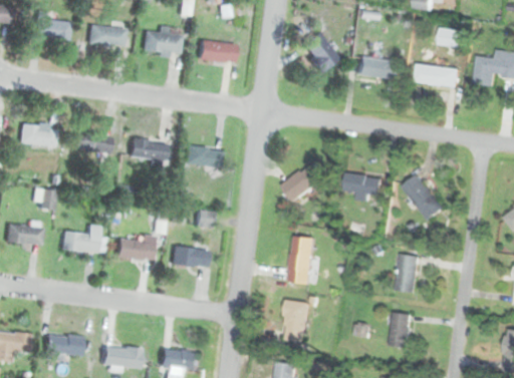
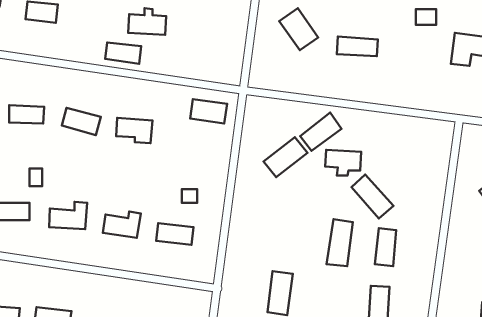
building: [87,26,124,48] -> [105,42,141,64]
building: [197,41,236,64] -> none
building: [415,62,458,86] -> none
building: none -> [300,113,341,151]
building: [185,145,223,170] -> [190,99,227,123]
building: [402,173,445,219] -> [351,175,393,218]
building: [287,235,314,283] -> [327,219,353,266]

